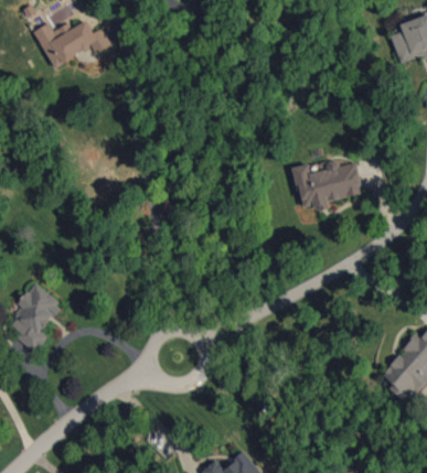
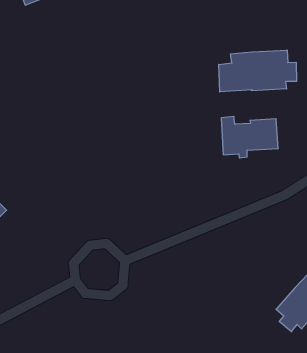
building: none -> [219,50,297,92]

